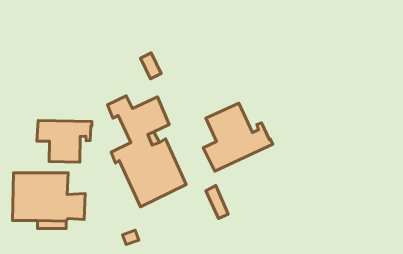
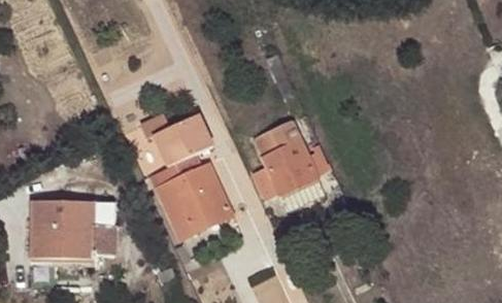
building: [37,120,92,162] -> none

